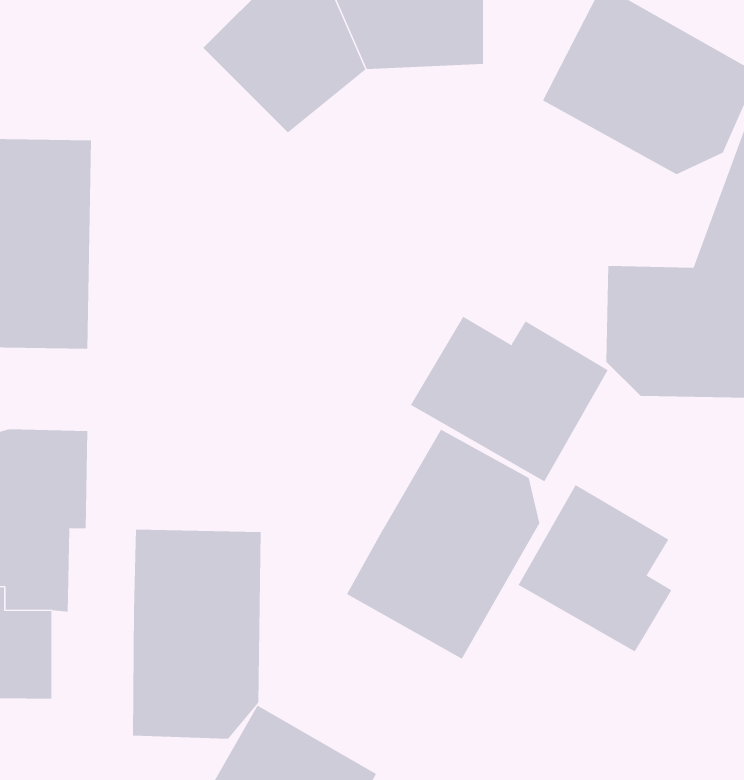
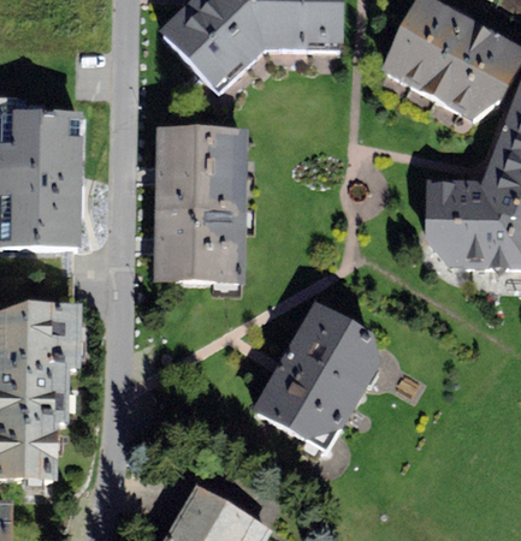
building: none -> [154,139,248,290]
building: [410,316,609,482] -> none
building: [518,484,672,652] -> none
building: [132,529,261,739] -> none

